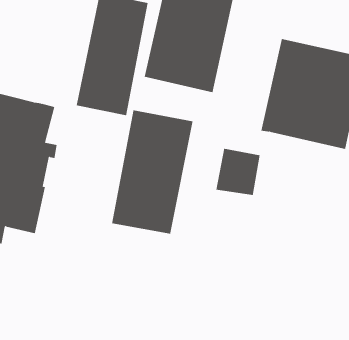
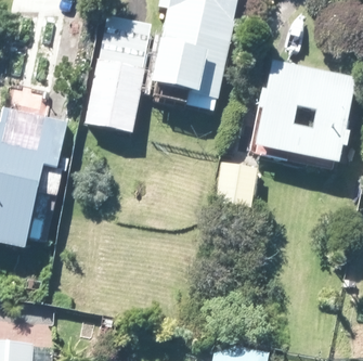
building: [112,109,193,235] -> none

